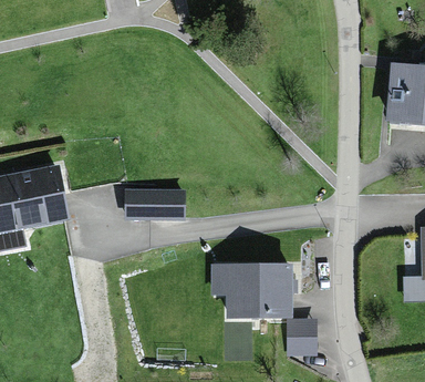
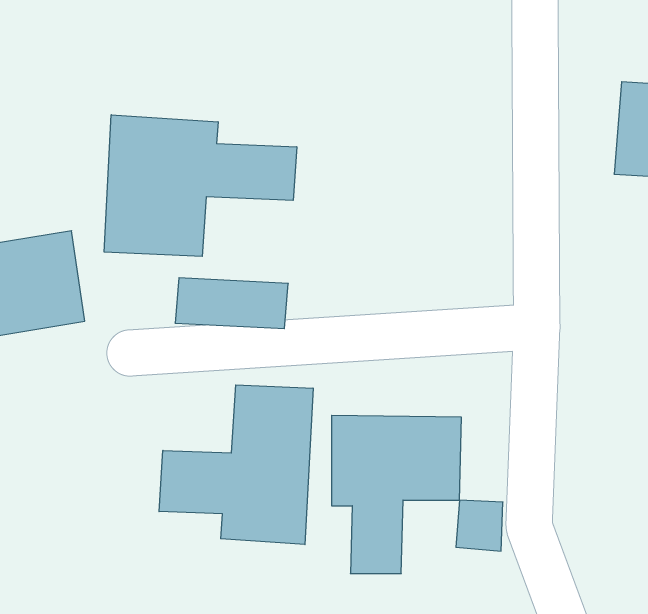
building: none -> [104,115,297,256]
building: none -> [159,385,313,545]

